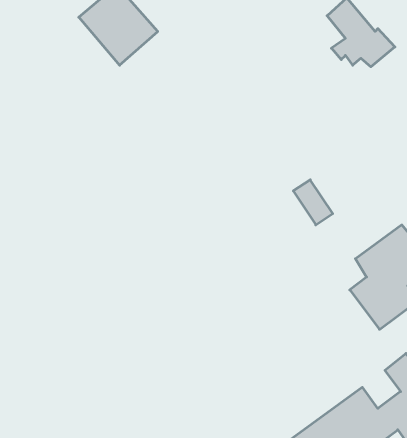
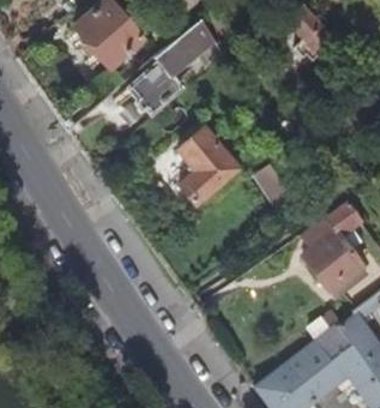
building: none -> [131,18,218,114]
building: none -> [181,126,241,204]

